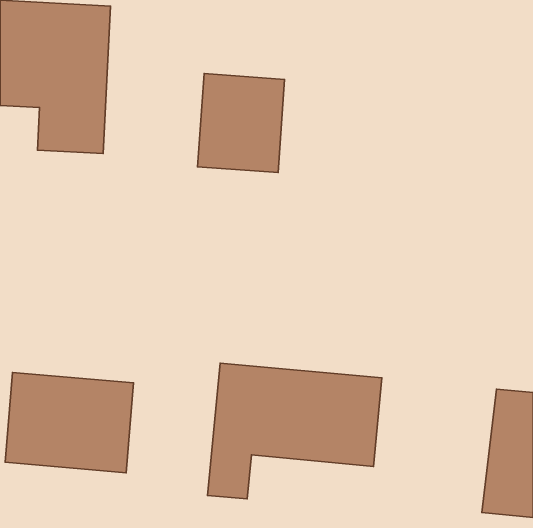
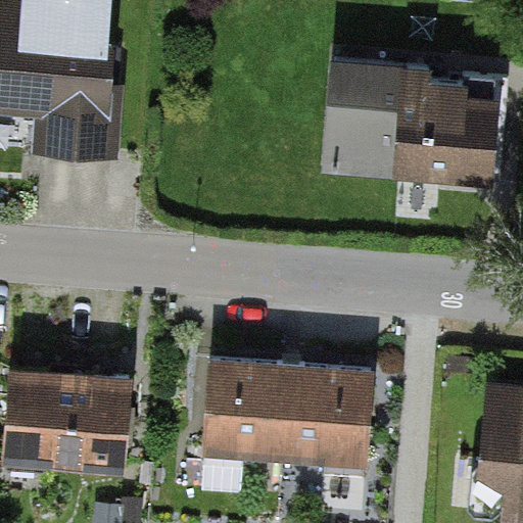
building: none -> [329,65,511,179]
building: [197,73,285,173] -> none

